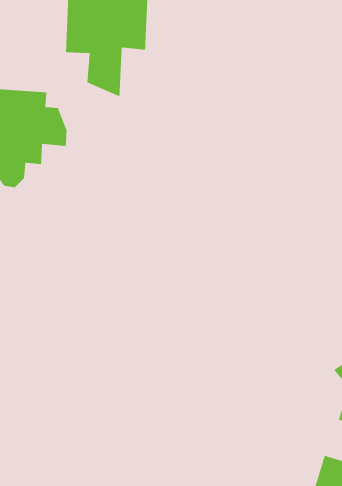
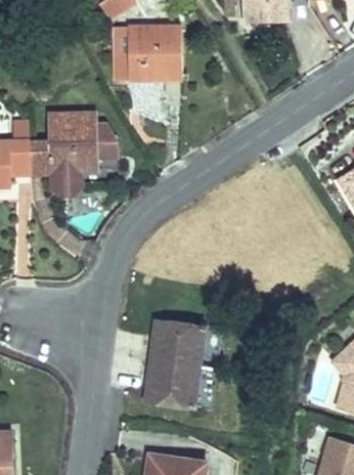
building: none -> [153,331,216,419]

